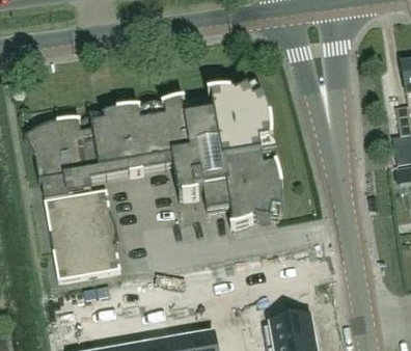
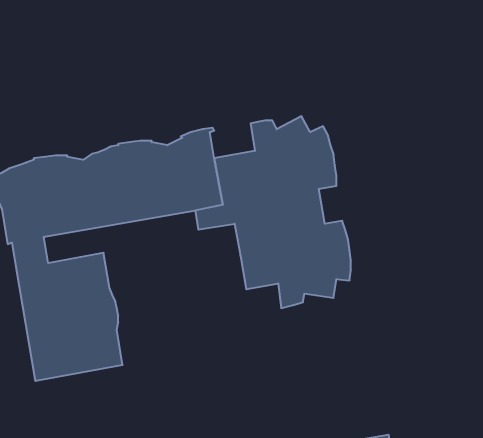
building: [174,164,204,195] -> none

